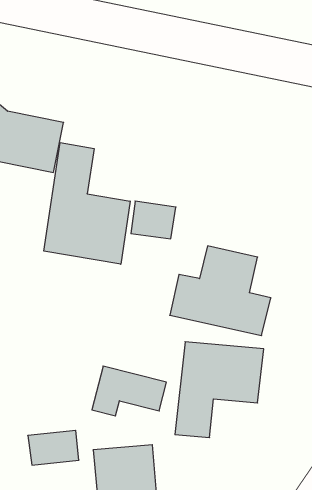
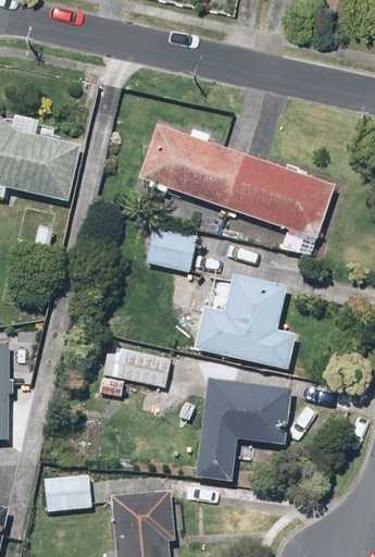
building: none -> [136,122,336,237]
building: [44,143,130,264] -> none
building: [92,366,166,416] -> [97,343,176,396]

